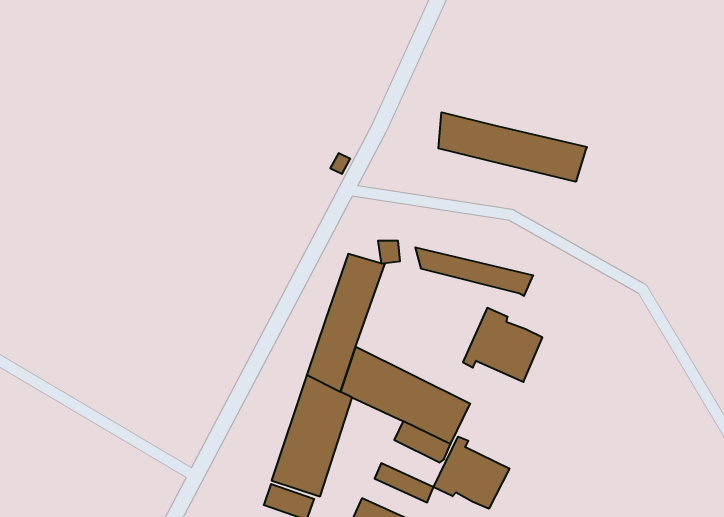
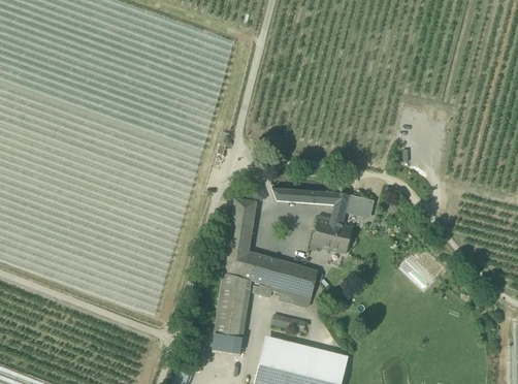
building: [438,112,587,182] -> none
building: none -> [331,193,374,224]
building: [434,437,509,509] -> none

